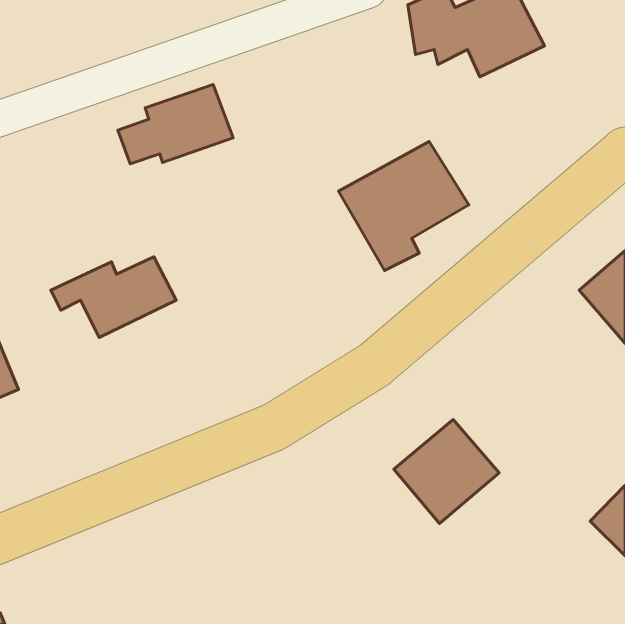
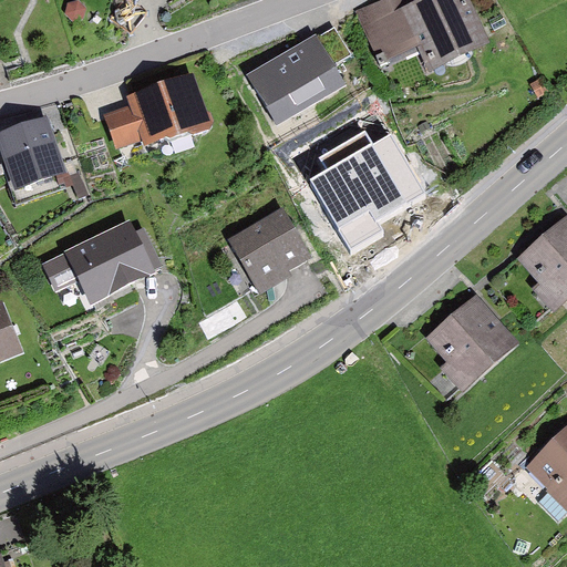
building: none -> [249,27,346,122]
building: none -> [11,104,73,178]
building: none -> [230,209,309,286]
building: [394,419,499,524] -> [424,297,518,390]

